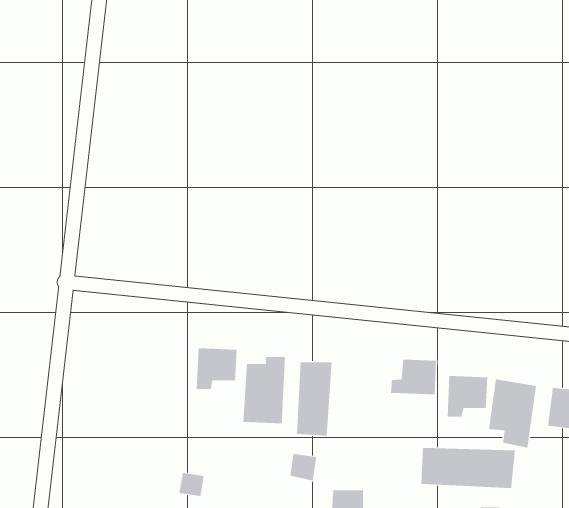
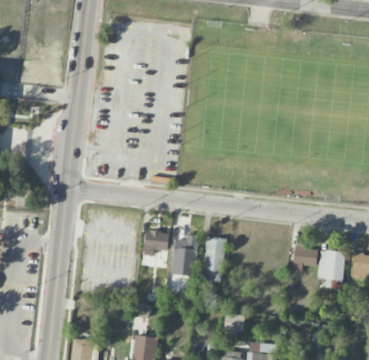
building: [390,359,437,395] -> none
building: [421,447,516,489] -> none

